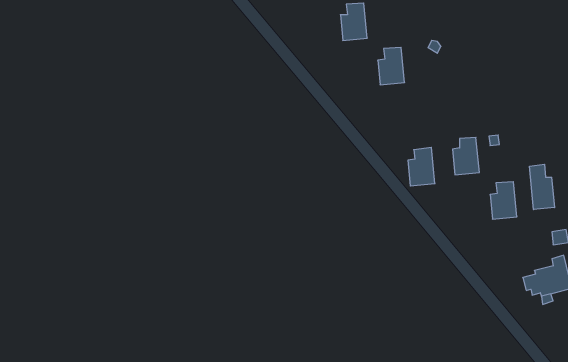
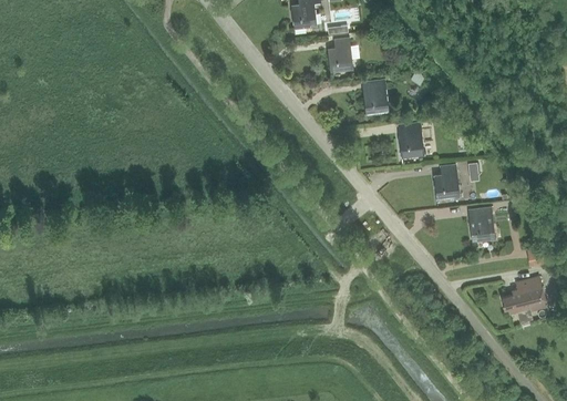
building: [408,147,435,186] -> [398,121,423,157]
building: [530,164,555,210] -> none

